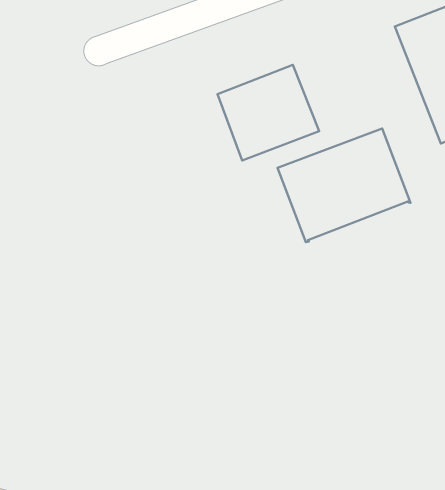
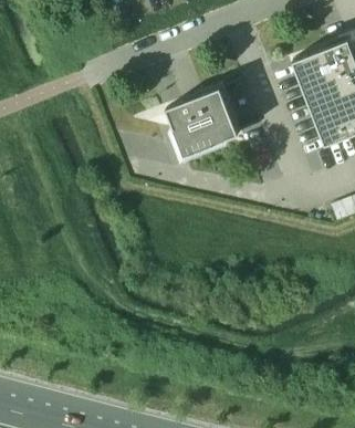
building: [278,128,411,242] -> none

